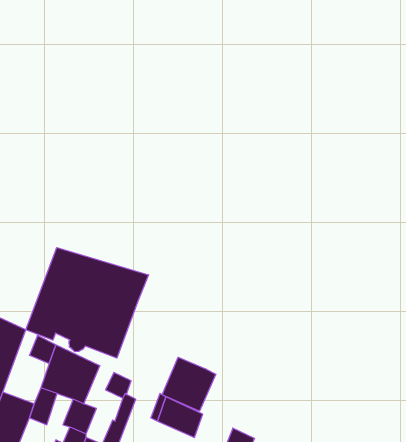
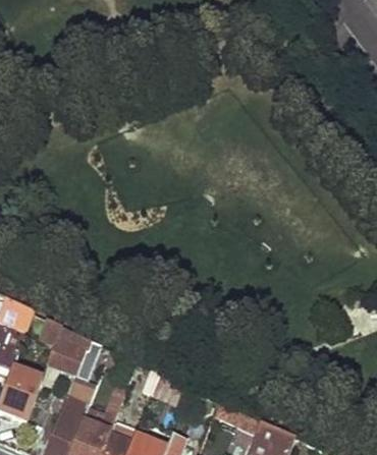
building: [26,248,149,358] -> none
building: [162,357,216,411] -> none

